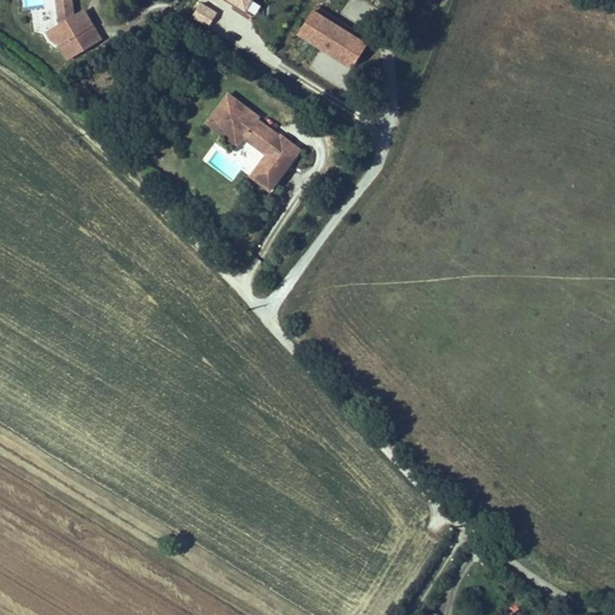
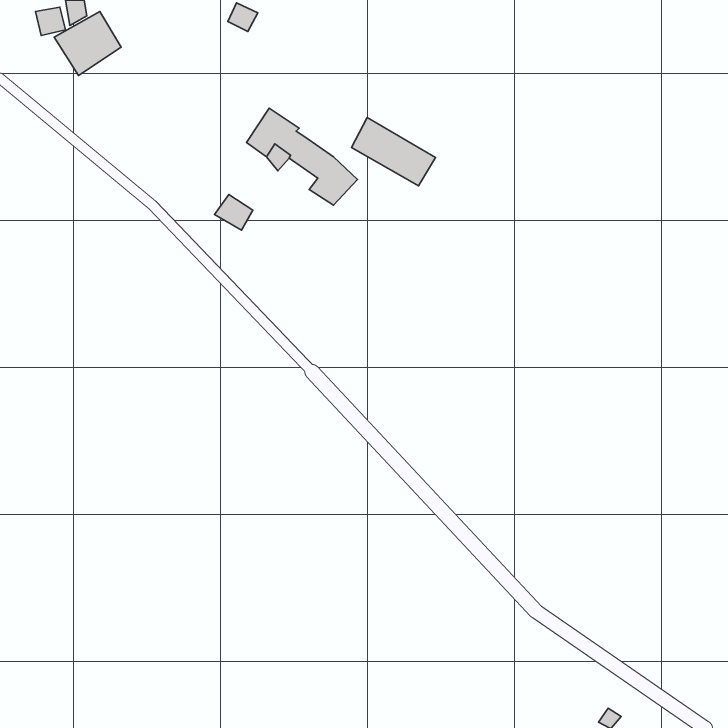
building: [298,11,369,68] -> [351,118,435,186]
building: [249,160,281,190] -> [215,195,253,230]

